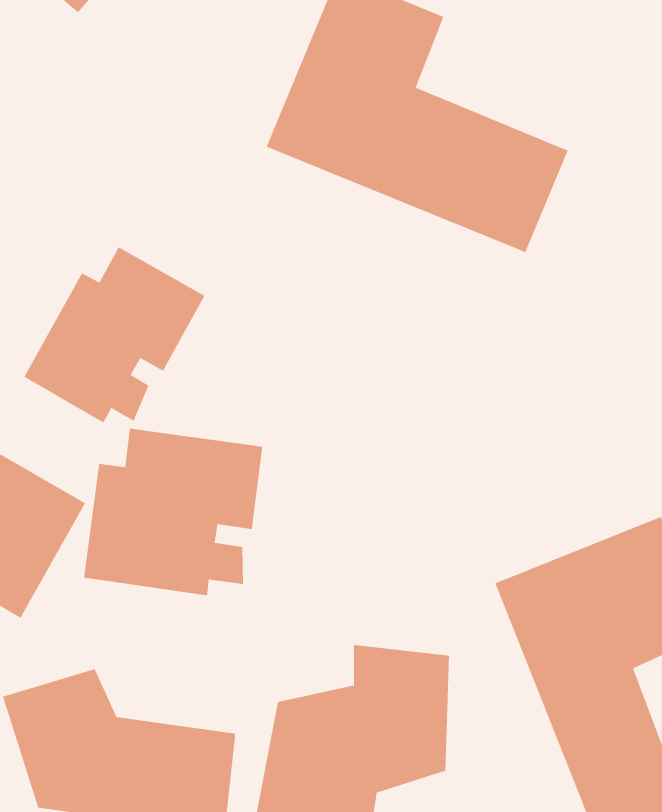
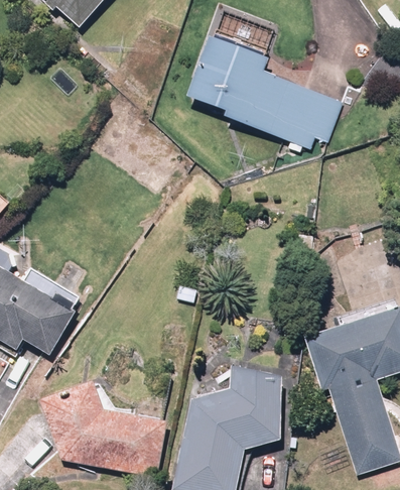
building: [23,247,205,424] -> none
building: [84,428,263,596] -> none

